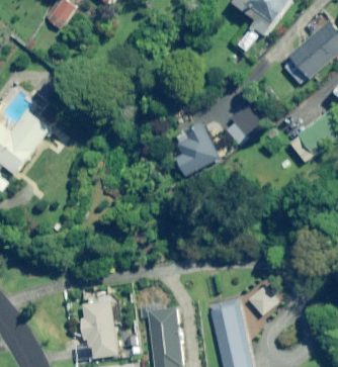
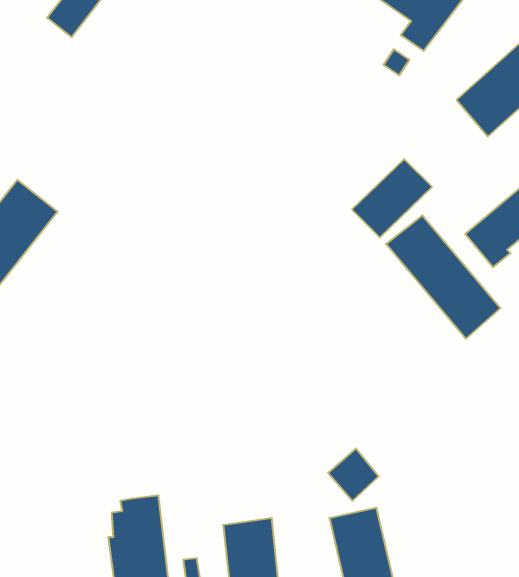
building: [174,121,218,176] -> none
building: none -> [386,215,500,339]
building: [247,285,276,315] -> [328,449,379,501]

